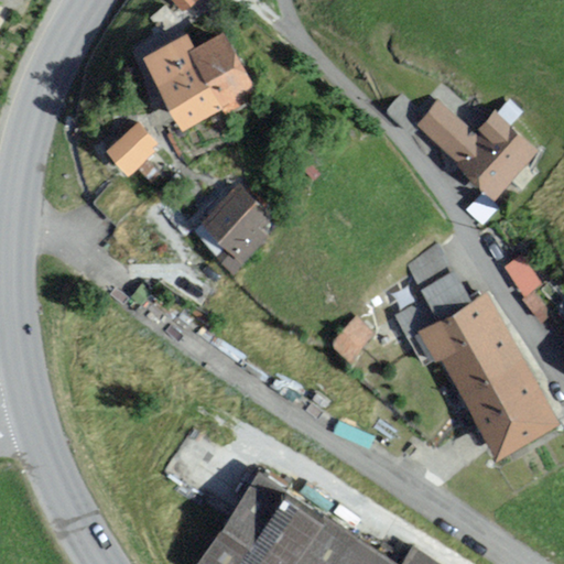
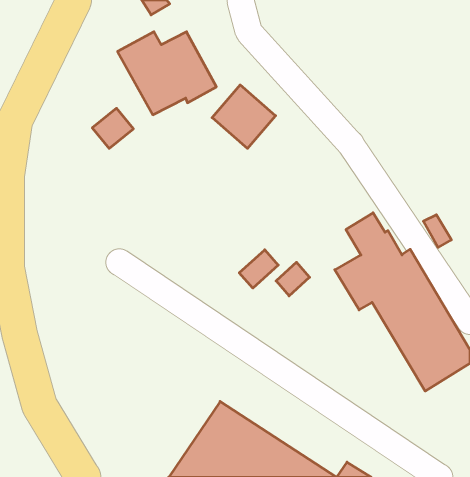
building: [416,105,531,193] -> none
building: [192,193,267,268] -> [212,85,276,148]
building: none -> [239,250,278,288]

